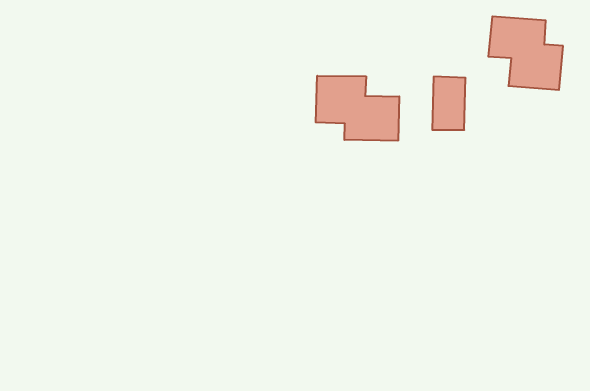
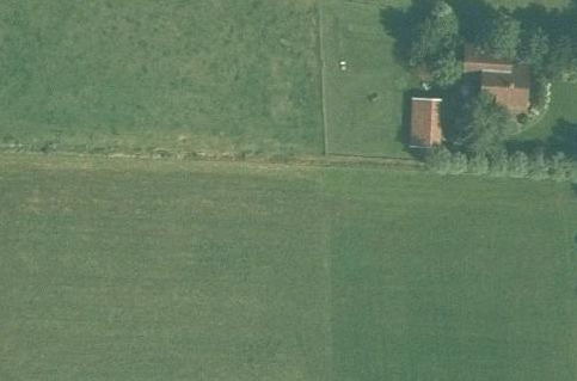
building: [316,76,399,141] -> none

